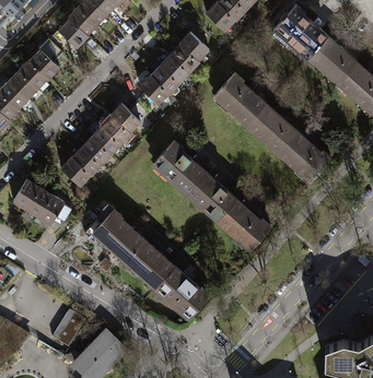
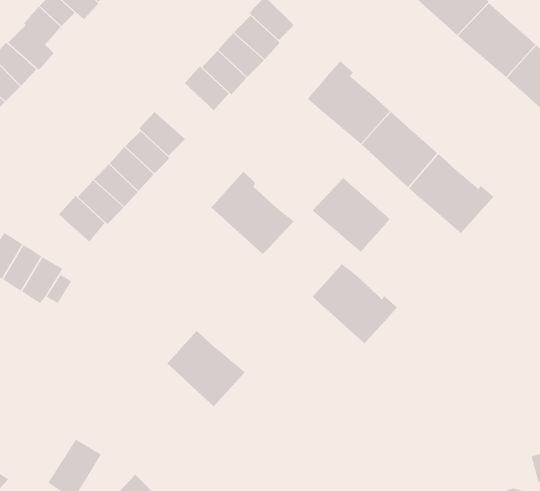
building: [186,174,235,221] -> [312,177,391,253]
building: [84,206,144,262] -> none
building: [155,268,210,319] -> none

